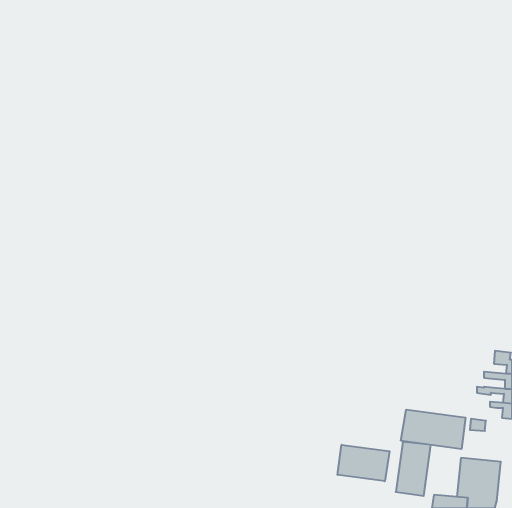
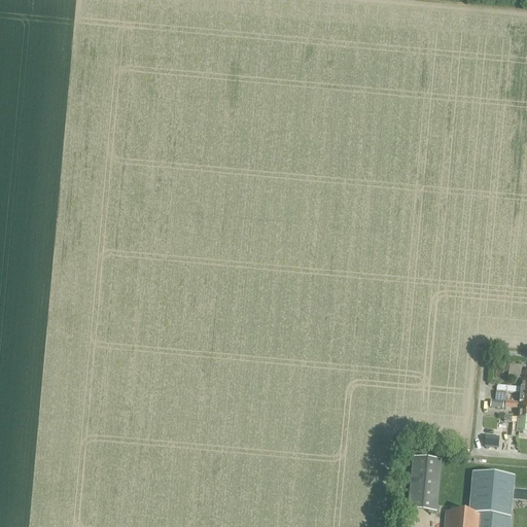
building: [401,410,466,449] -> none
building: [338,445,390,481] -> none

